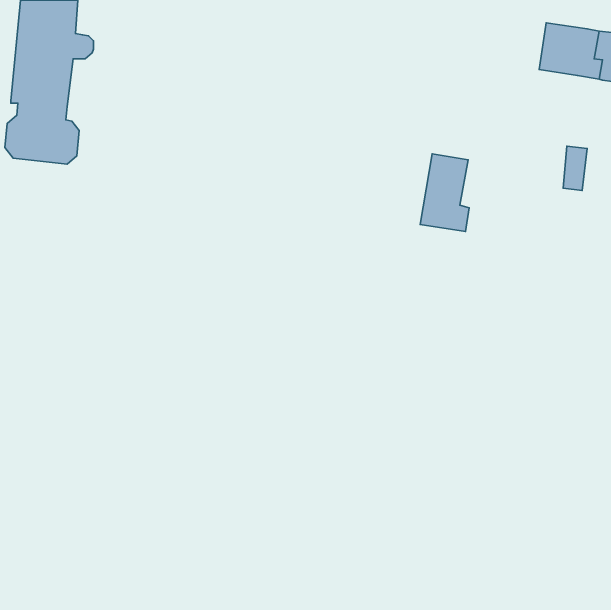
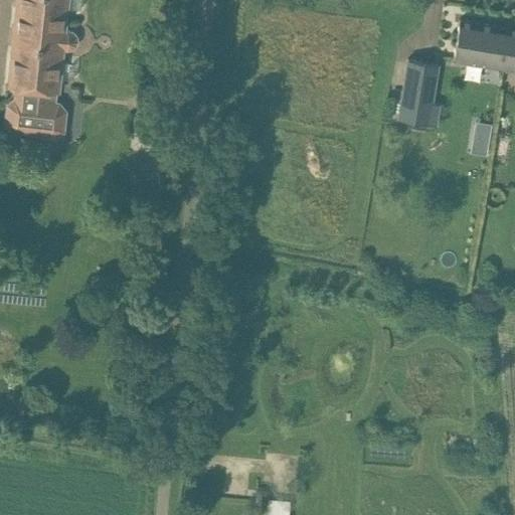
building: [420,154,469,232] -> [398,60,440,126]

